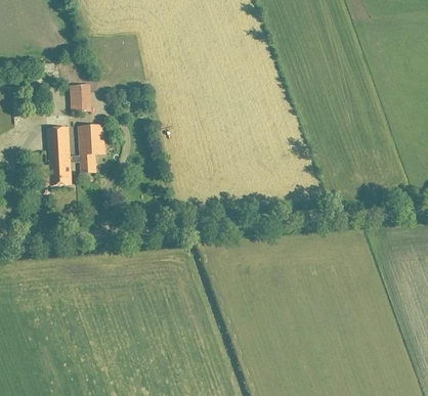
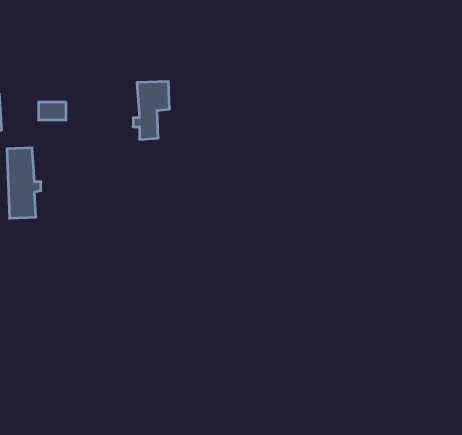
building: [75,125,104,172] -> [133,81,170,139]

